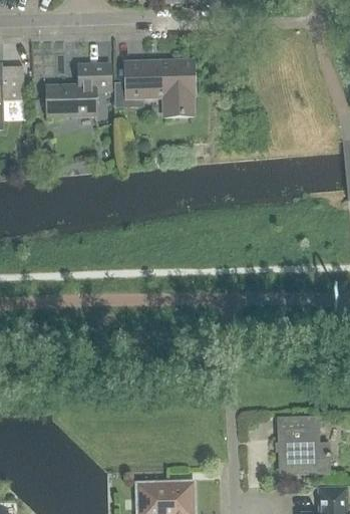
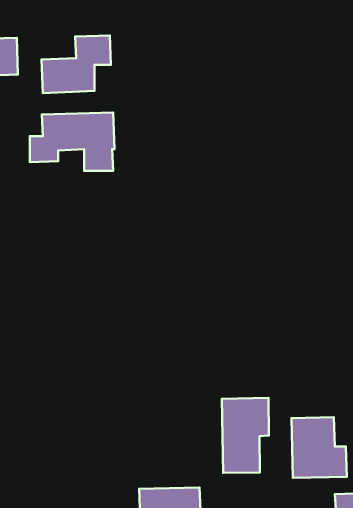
building: [114,60,193,114] -> [30,112,114,171]
building: none -> [222,398,269,473]

